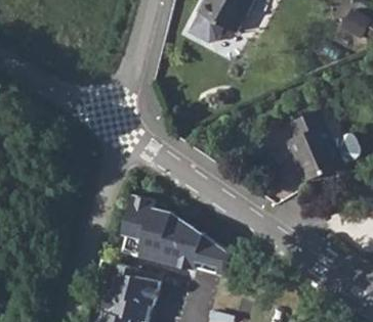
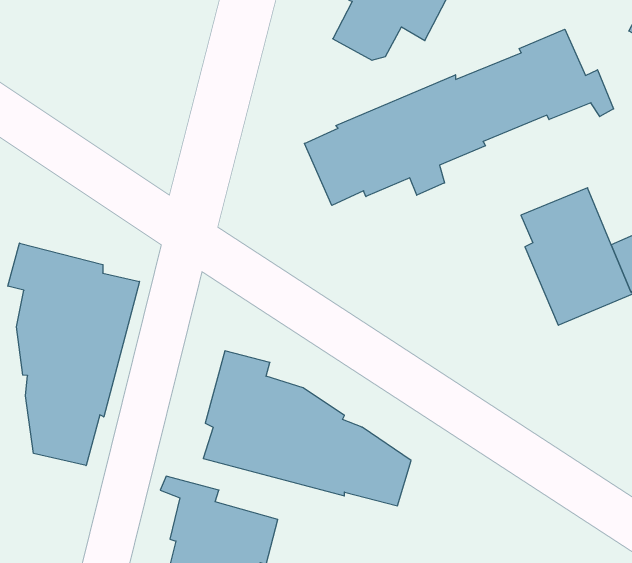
building: none -> [304,29,614,205]
building: none -> [8,243,139,466]

